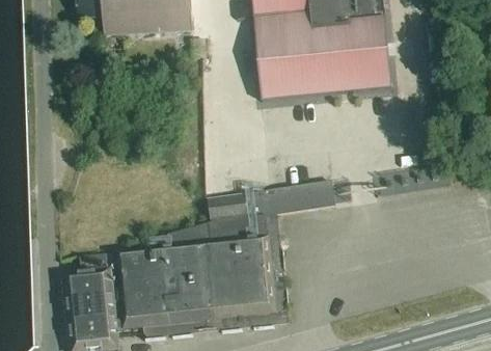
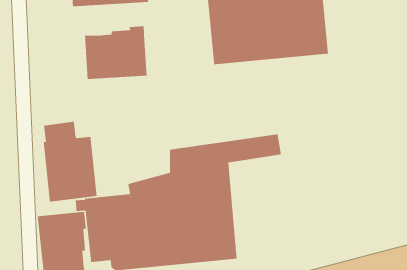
building: none -> [84,25,148,80]
building: none -> [43,121,97,203]

